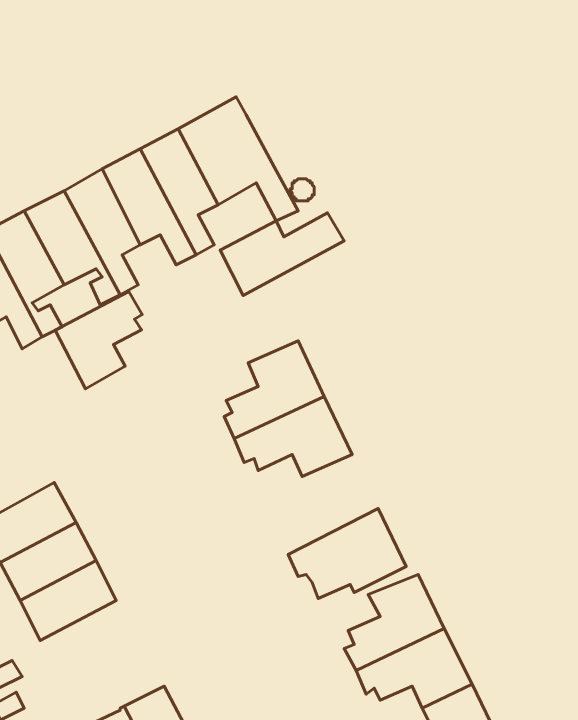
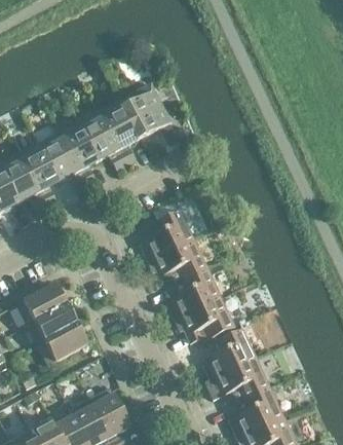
building: [220,213,344,296] -> none
building: [55,291,142,389] -> none
building: none -> [168,269,221,321]

